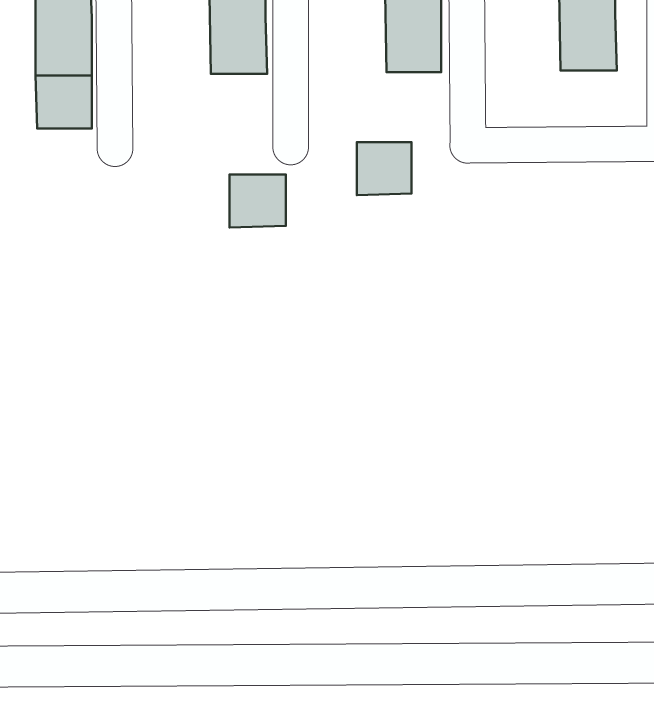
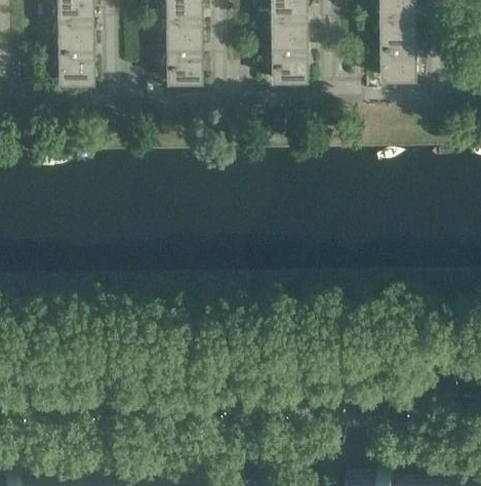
building: none -> [382,53,416,86]
building: [357,142,412,195] -> [274,54,308,87]
building: [230,175,286,228] -> [165,55,200,88]

